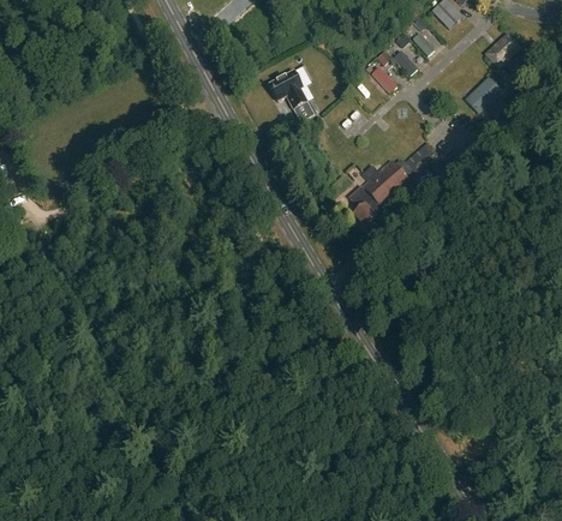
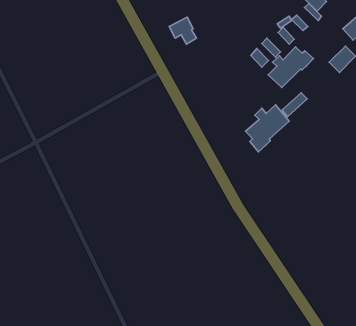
building: [269,70,307,108] -> [169,17,197,44]
building: none -> [268,47,313,87]

